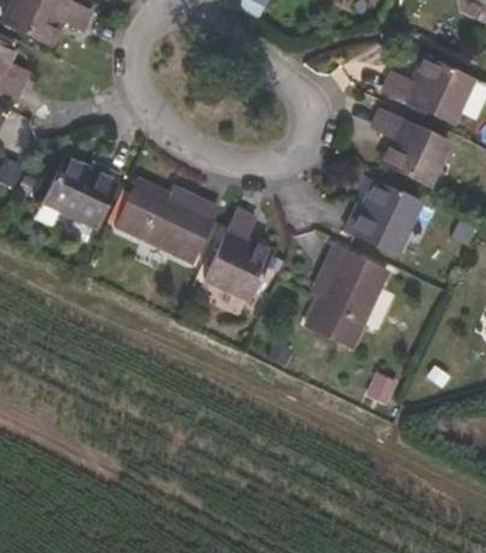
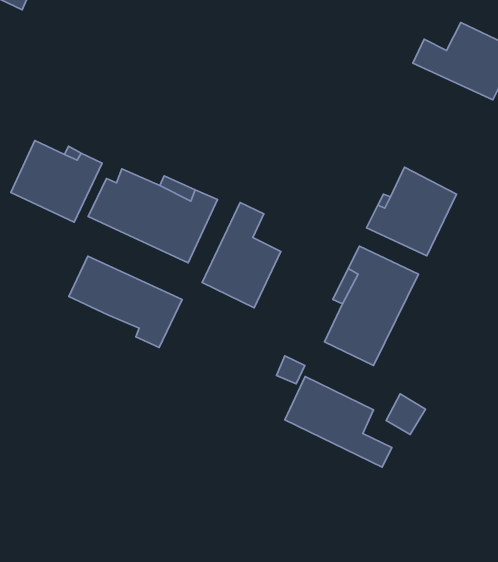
building: [373,109,450,186] -> none
building: none -> [69,256,182,348]
building: none -> [285,377,392,467]

